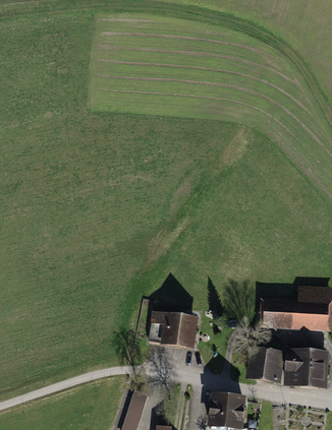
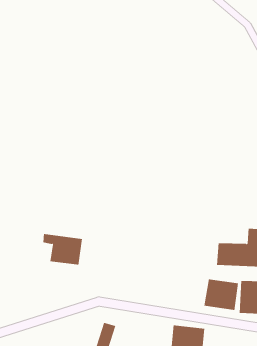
building: [152,312,198,348] -> [42,234,83,265]

